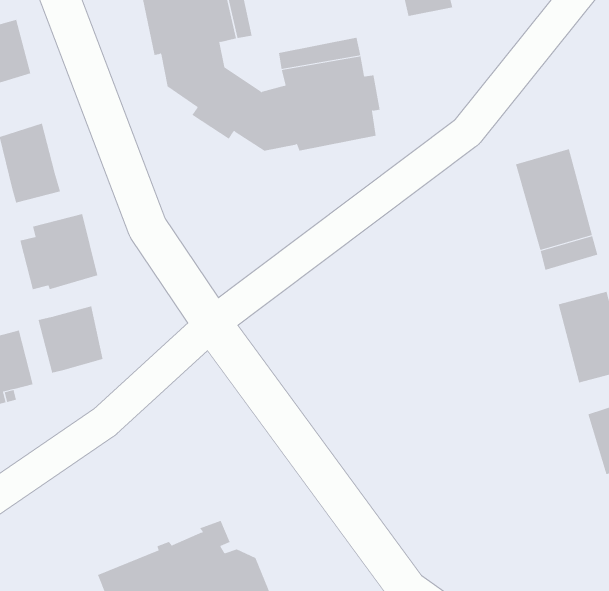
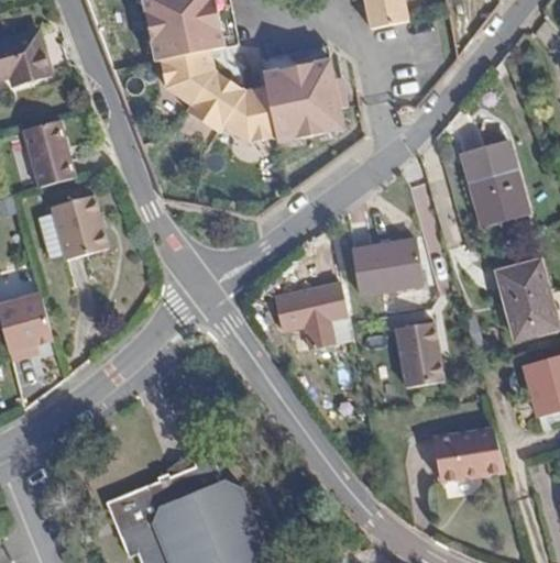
building: none -> [352,240,421,294]
building: [38,306,103,373] -> none
building: none -> [274,283,353,350]
building: none -> [394,322,442,387]
building: none -> [432,428,504,482]

